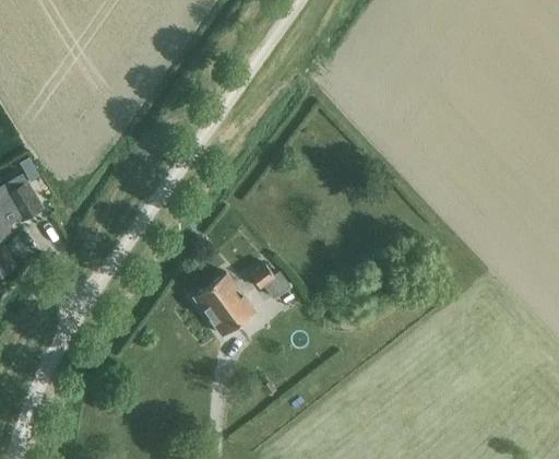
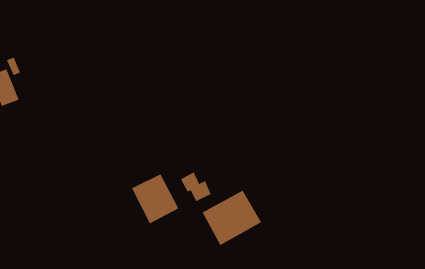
building: none -> [202,190,262,246]

